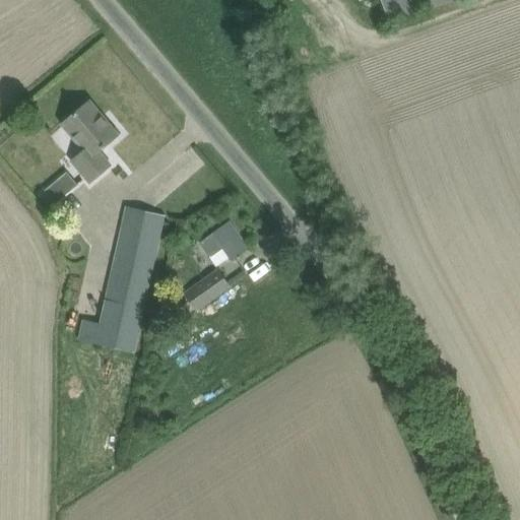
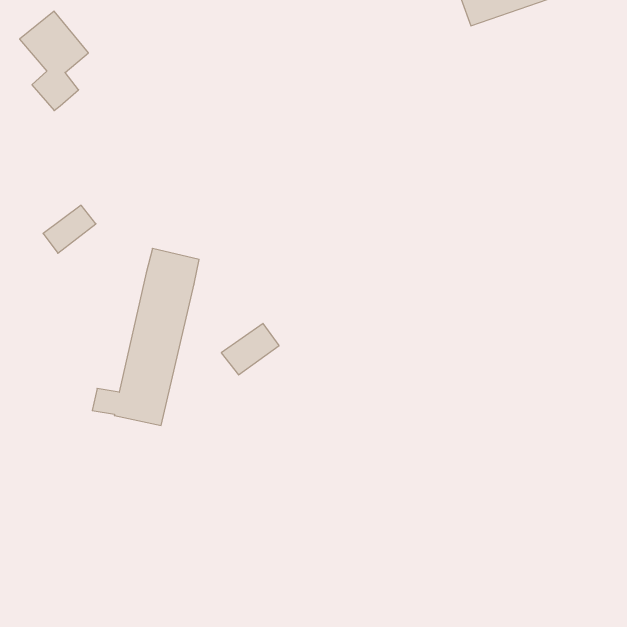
building: [61,100,118,182] -> [20,11,88,111]
building: [199,220,248,259] -> none

